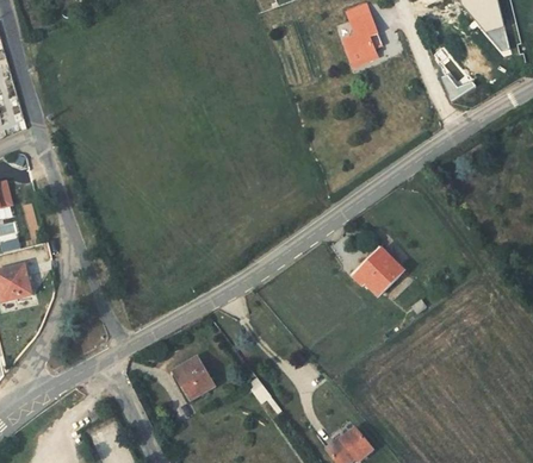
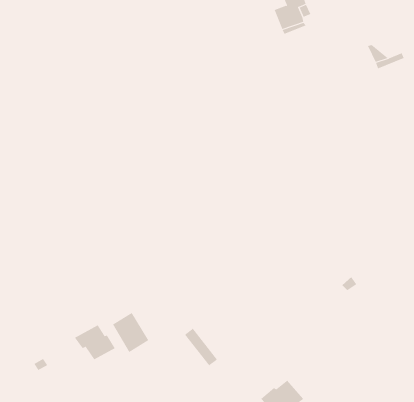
building: [360,249,405,295] -> none
building: none -> [74,324,115,360]

